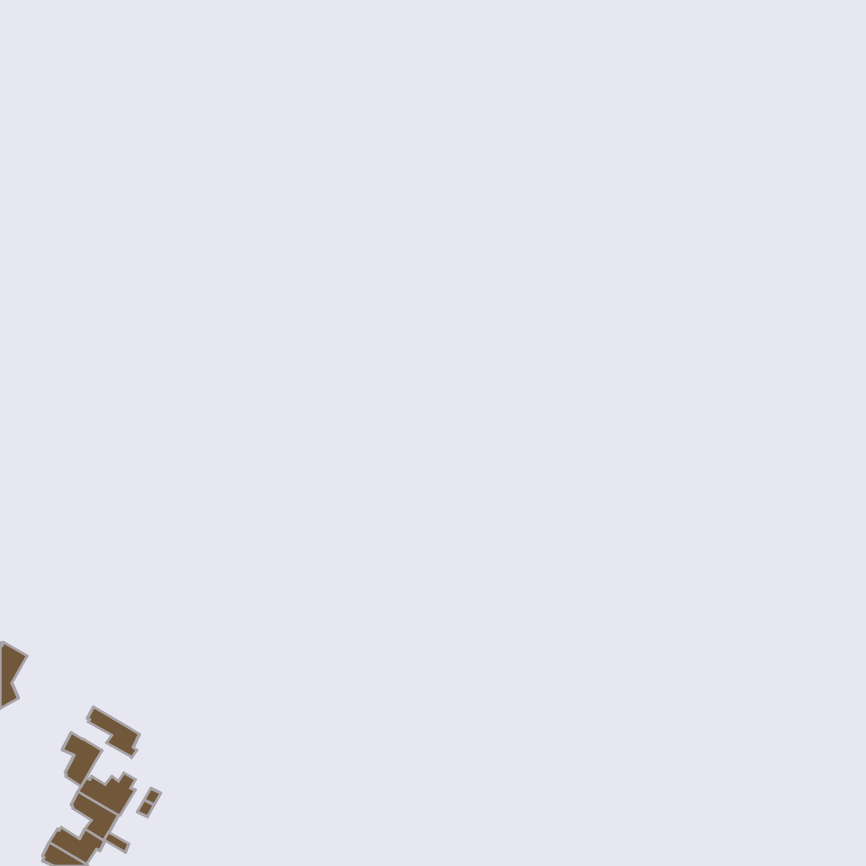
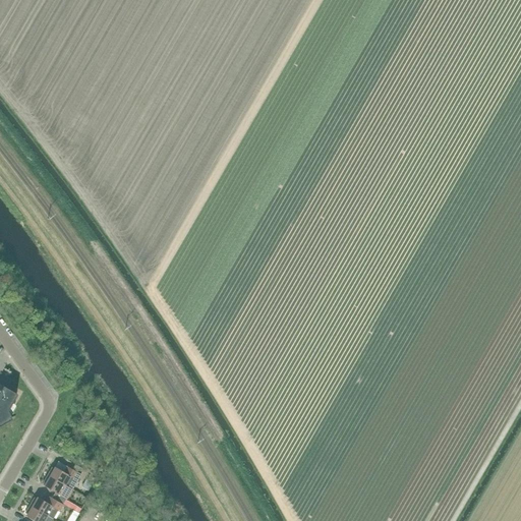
building: [87,707,140,758] -> none
building: [62,733,102,786] -> none

